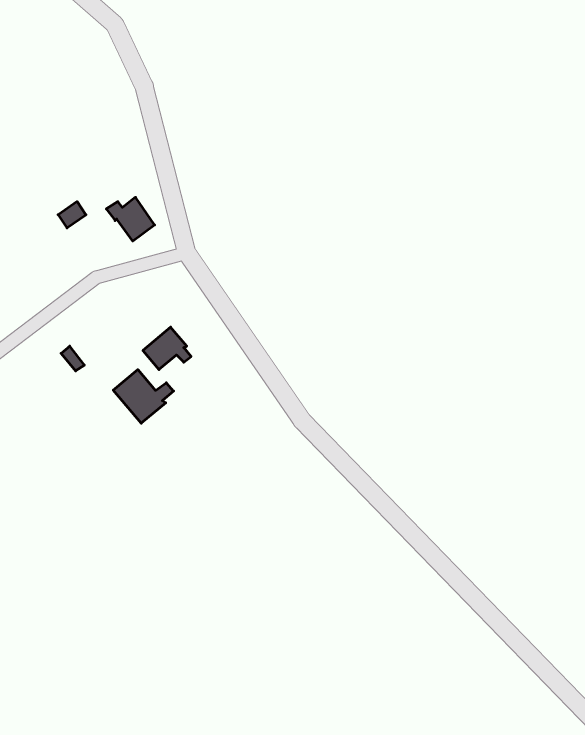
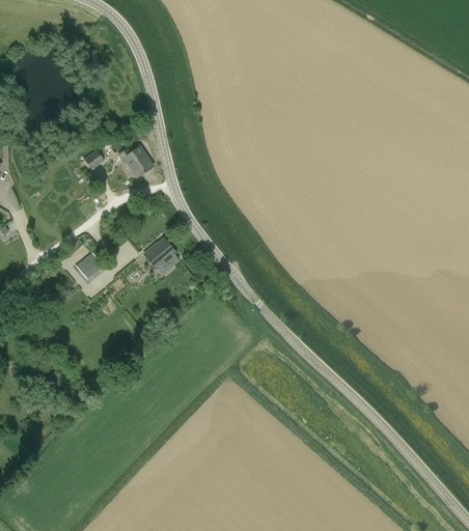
building: [113,370,174,423] -> none

